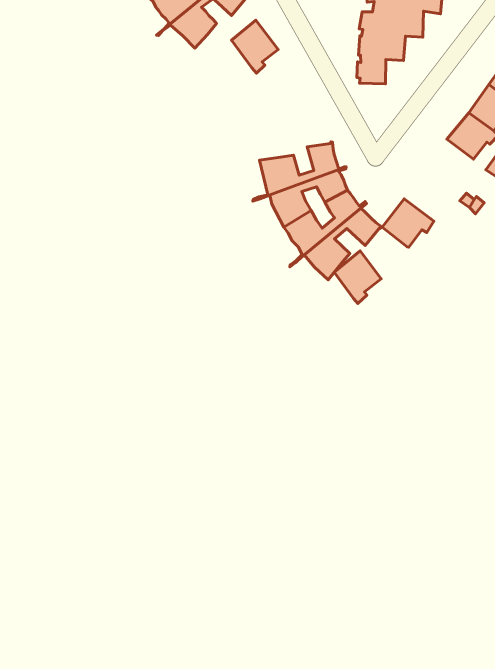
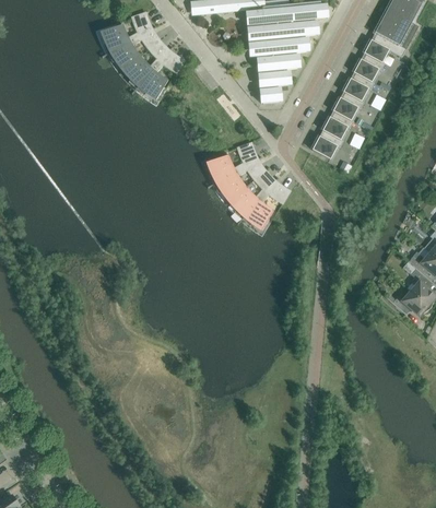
building: [231,20,278,73] -> none
building: [382,199,434,247] -> [311,129,343,158]
building: [334,251,381,303] -> none

